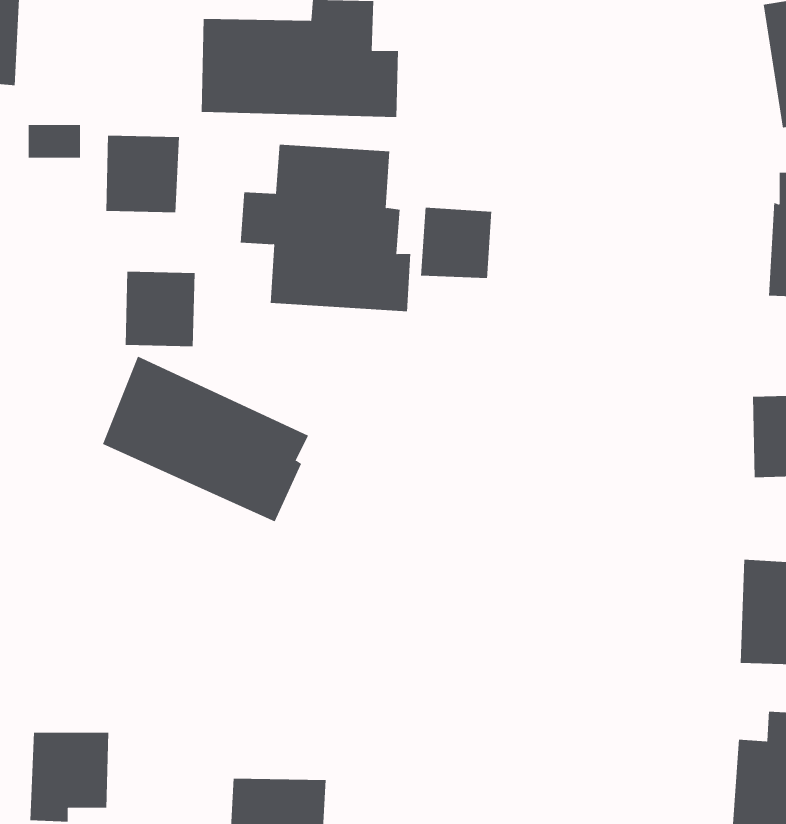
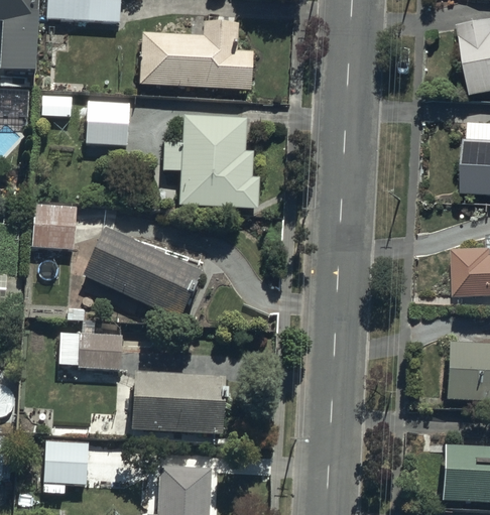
building: [421,207,492,279] -> none
building: [125,271,195,347] -> [34,205,75,248]
building: none -> [58,327,121,370]
building: none -> [133,370,226,436]

